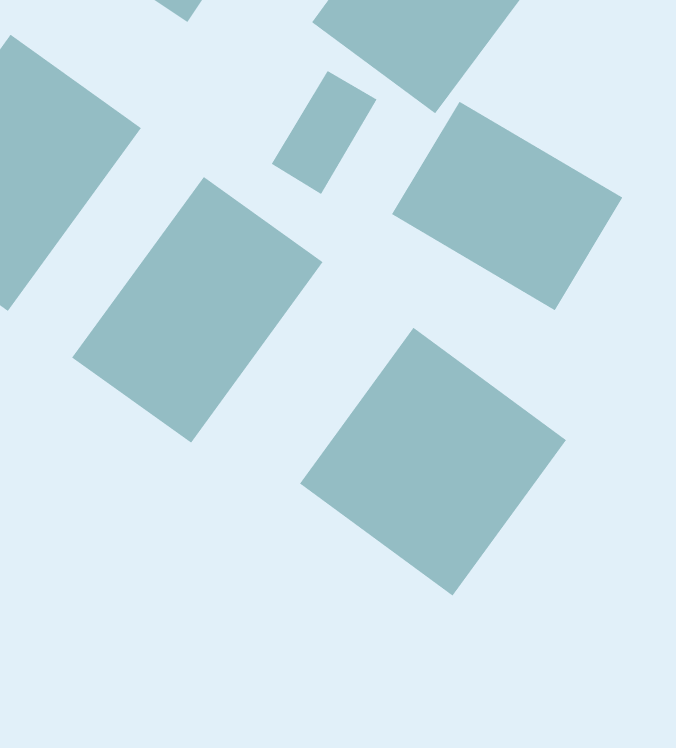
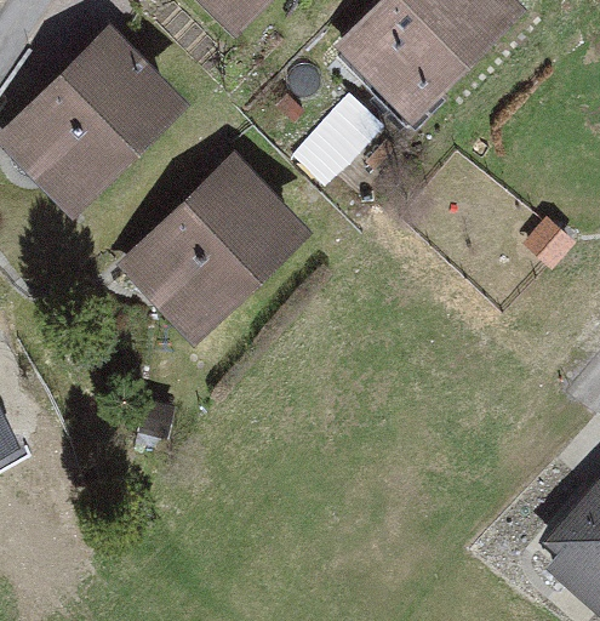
building: [391,101,623,311] -> none
building: [299,327,567,597] -> none

